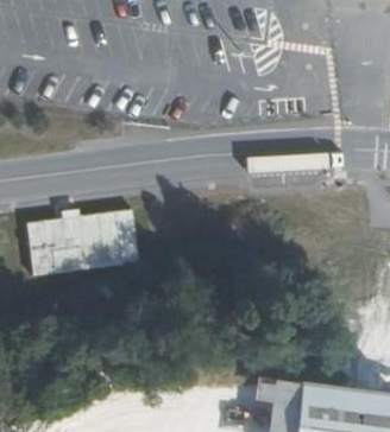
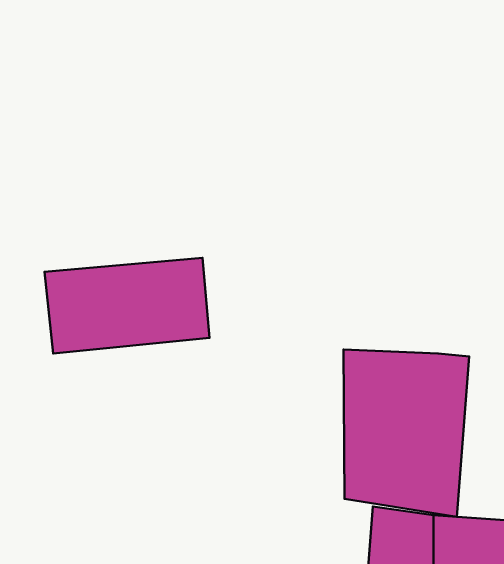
building: none -> [344,350,469,517]

